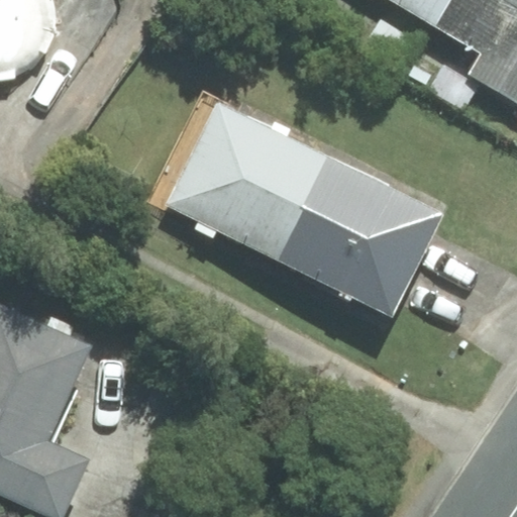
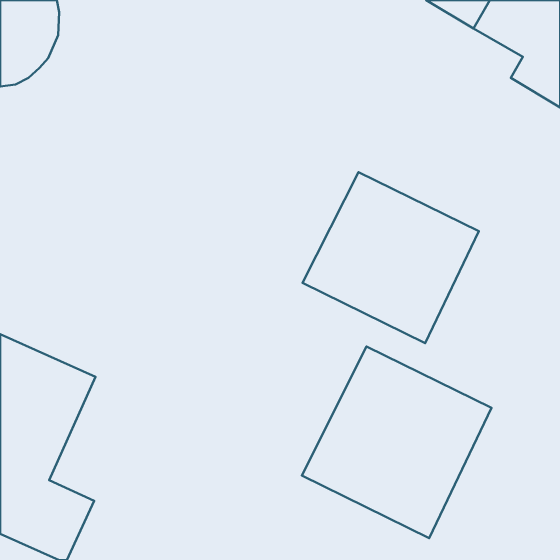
building: [152,95,330,261] -> none
building: none -> [302,346,491,538]

